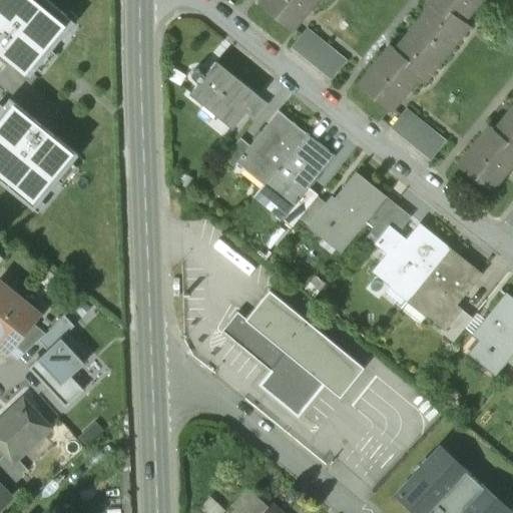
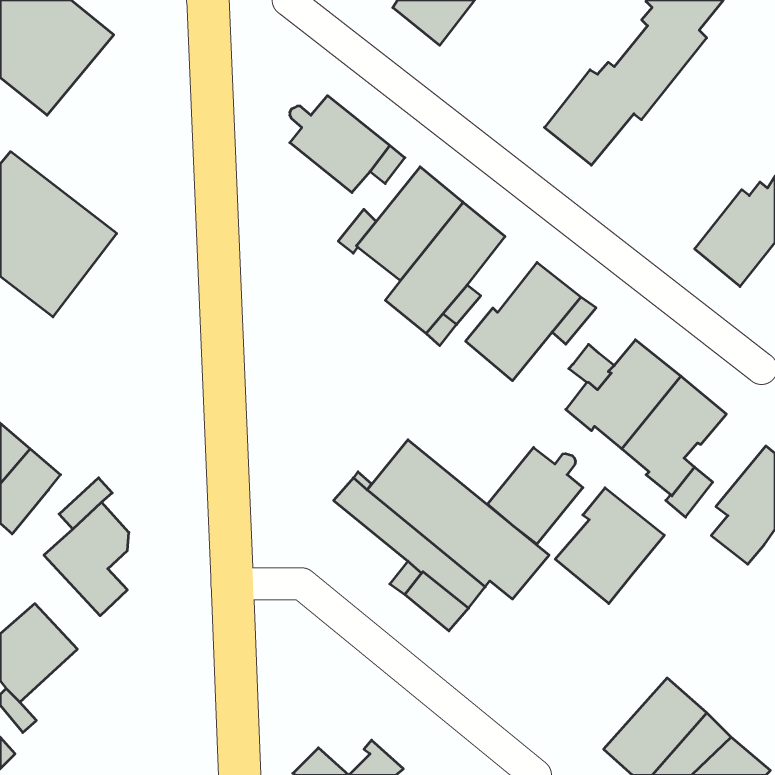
building: [291,29,346,79] -> none
building: [392,108,445,158] -> none
building: [370,203,410,240] -> none
building: none -> [488,447,583,544]
building: none -> [555,488,664,604]
building: [9,324,45,359] -> none

